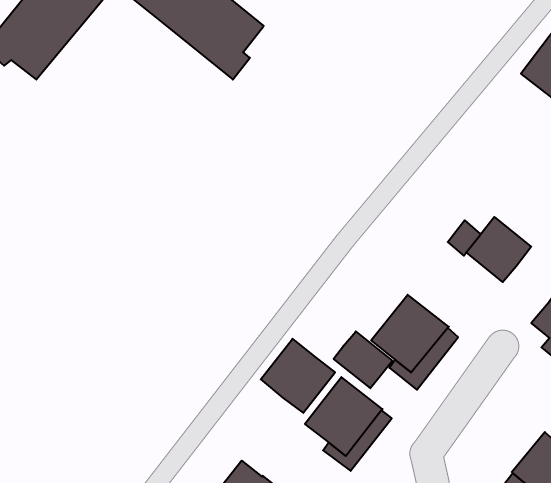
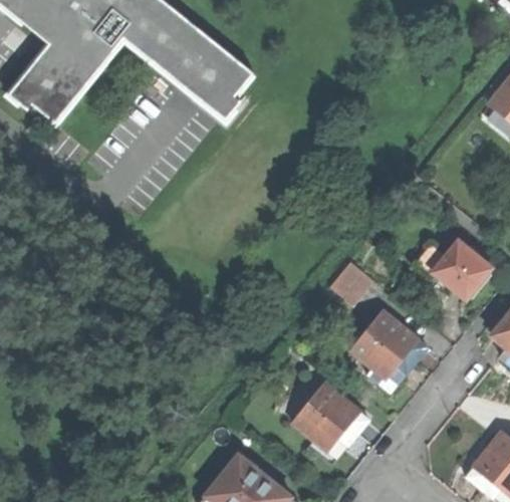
building: none -> [329,260,373,305]
building: [334,331,392,388] -> none
building: [261,339,335,413] -> none

